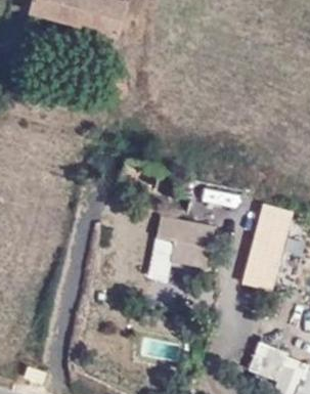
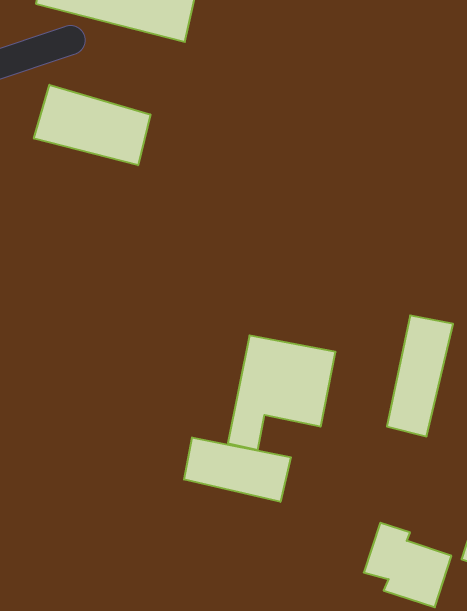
building: none -> [34,85,150,165]
building: none -> [184,437,291,502]

